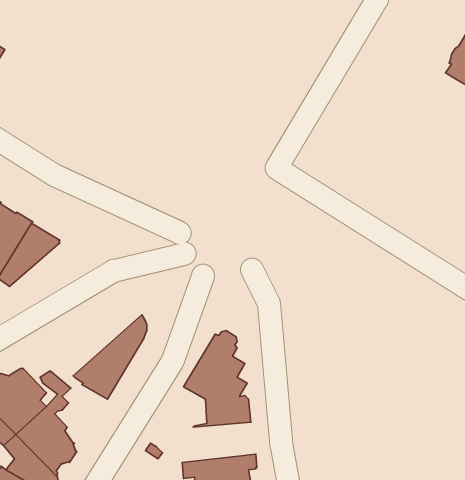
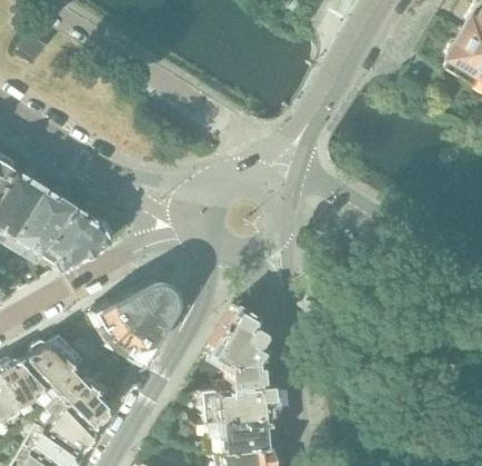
building: none -> [51,221,114,274]
building: none -> [91,281,171,345]
building: none -> [200,387,274,424]

